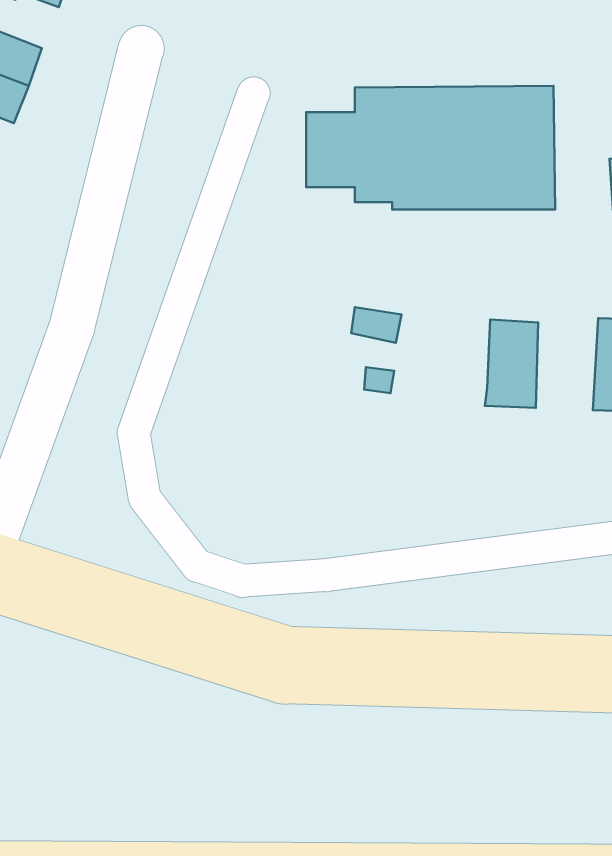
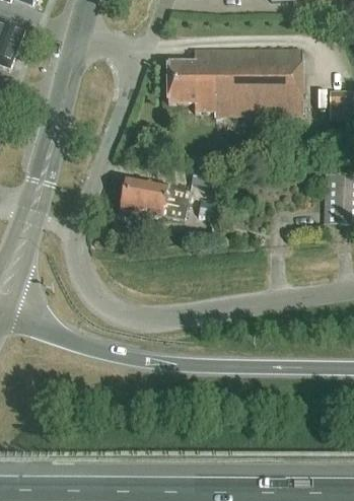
building: [485,320,538,408] -> none
building: none -> [120,176,189,219]

